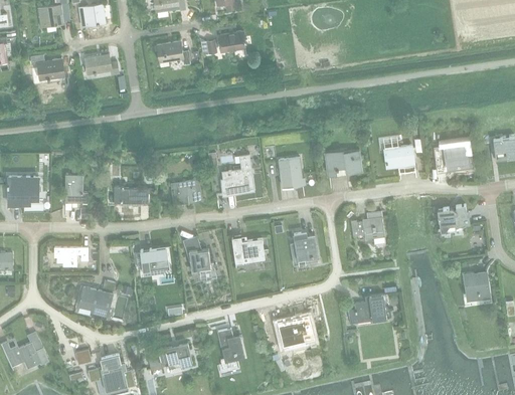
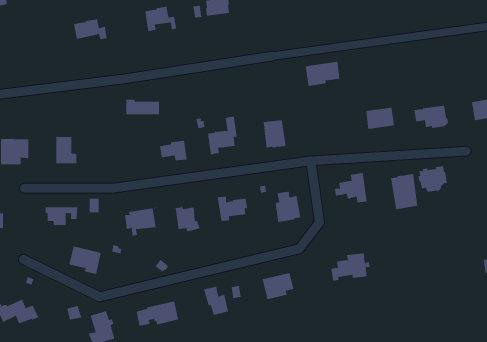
building: [30,55,64,79] -> none
building: [325,150,361,176] -> [305,61,340,87]
building: [114,186,149,202] -> [126,99,160,115]
building: none -> [390,173,418,210]
building: [464,272,489,301] -> none

